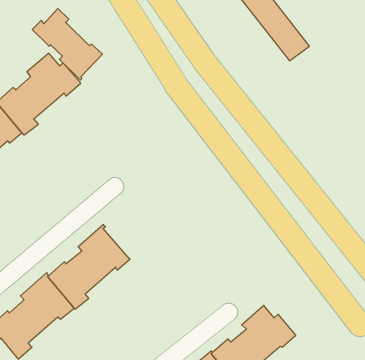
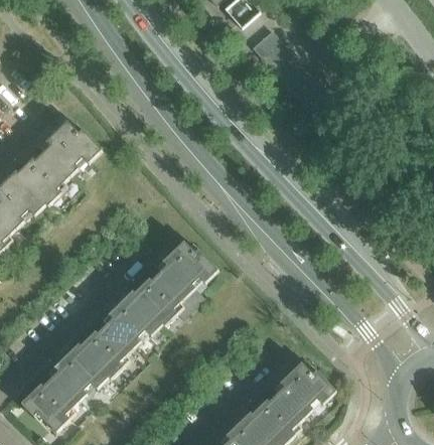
building: [32,9,102,80] -> none
building: none -> [131,242,216,326]

